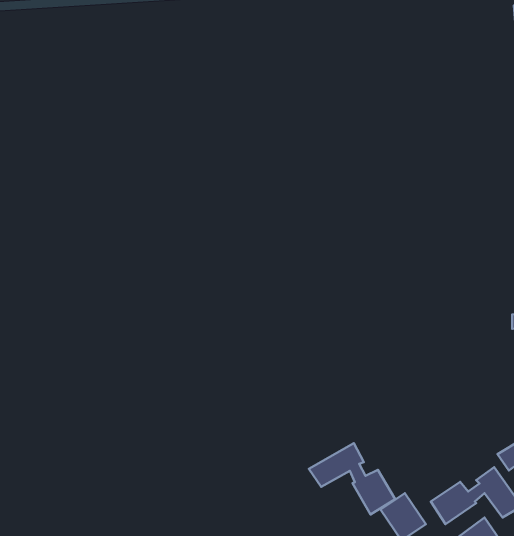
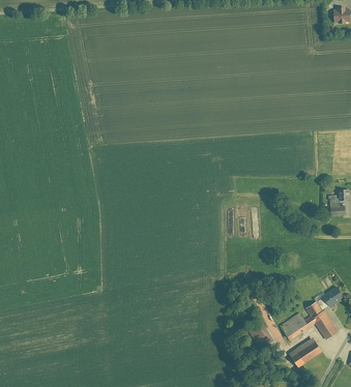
building: [309,443,395,515] -> none

